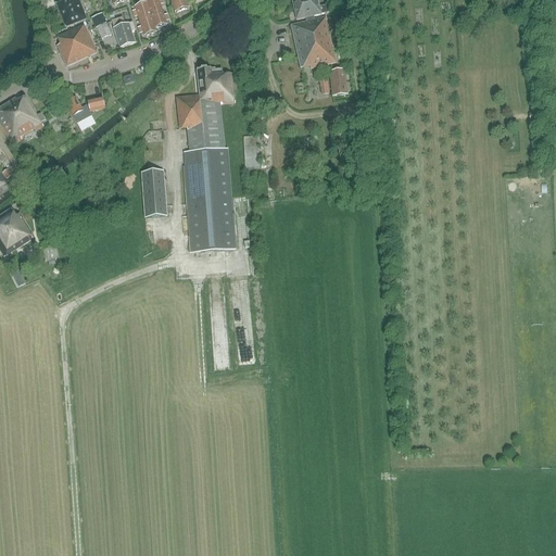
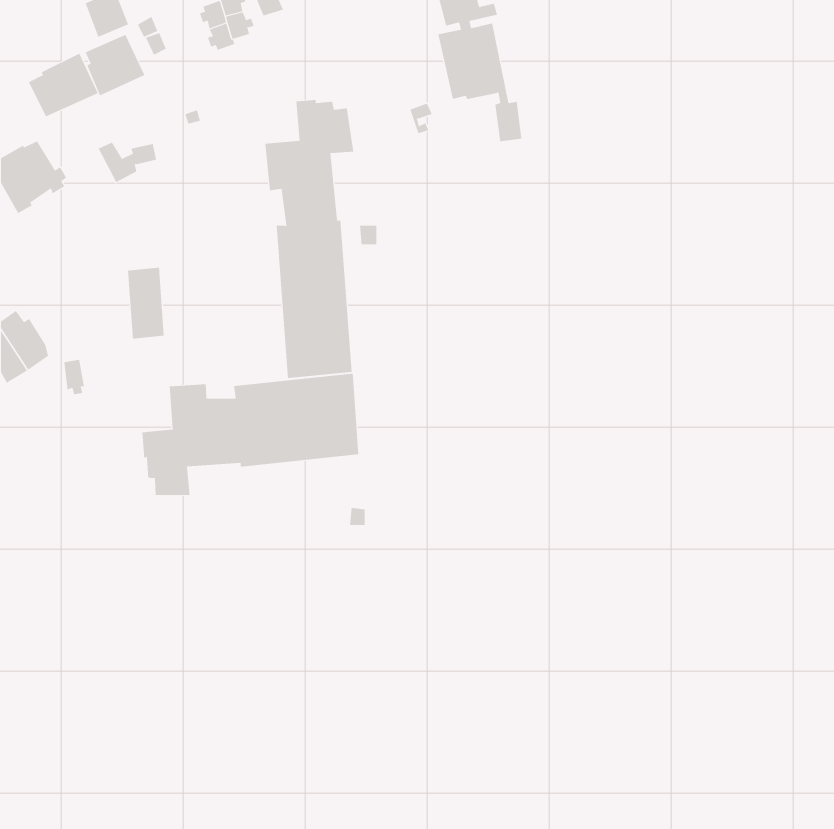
building: [112,15,135,46] -> none
building: none -> [28,53,98,117]
building: [141,168,166,216] -> [127,267,165,339]
building: none -> [142,373,359,496]

